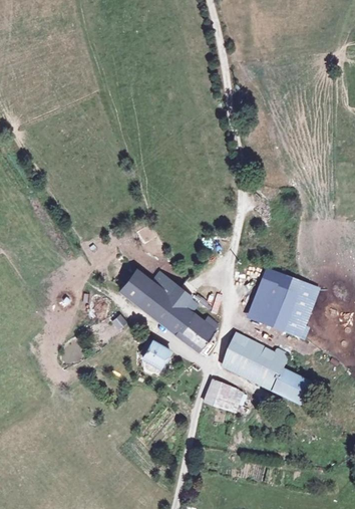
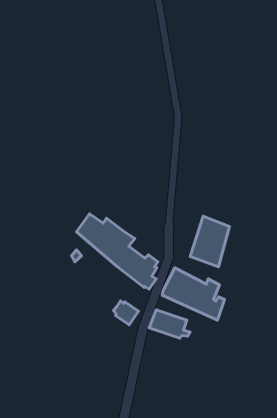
building: [286,283,315,335] -> none
building: [142,341,171,369] -> [114,301,138,325]
building: [285,368,309,398] -> none

